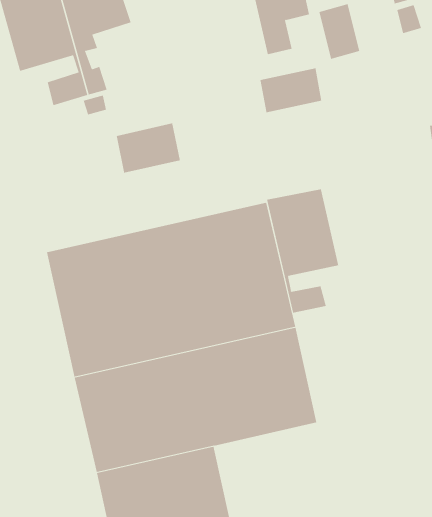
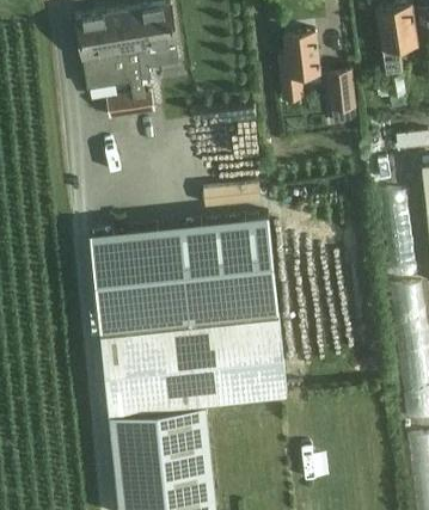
building: [260,68,322,113] -> none
building: [116,123,180,174] -> none
building: [267,188,339,313] -> none

